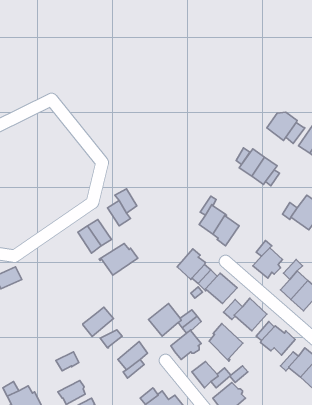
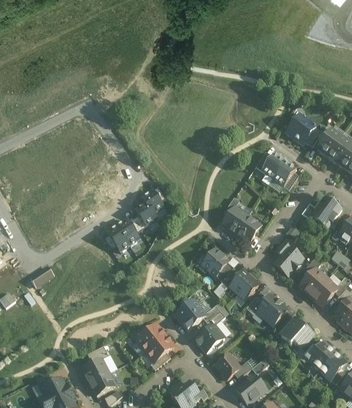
building: [99,243,138,275] -> none
building: [83,307,113,336] -> [137,324,166,352]
building: [209,323,243,361] -> none
building: none -> [83,358,110,383]

